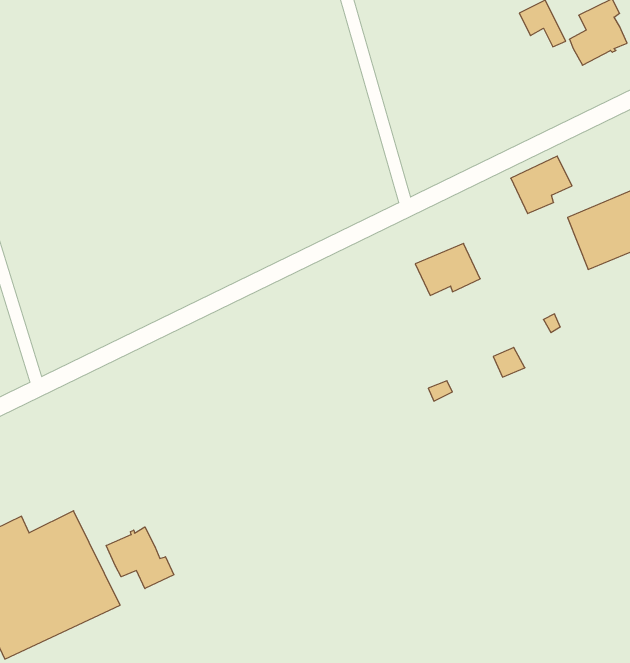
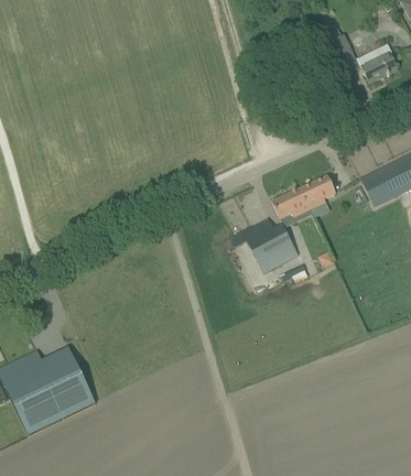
building: [511,156,572,214] -> [300,174,336,208]
building: none -> [247,220,299,272]
building: [106,527,174,589] -> none

